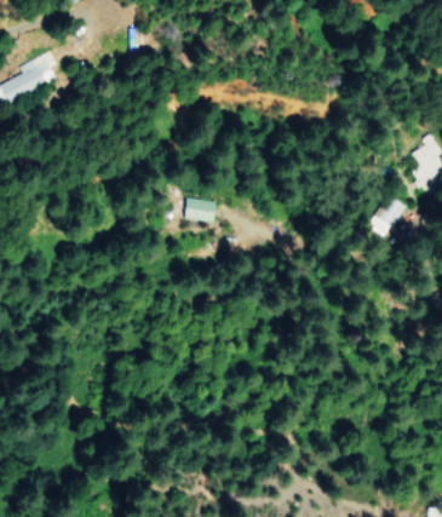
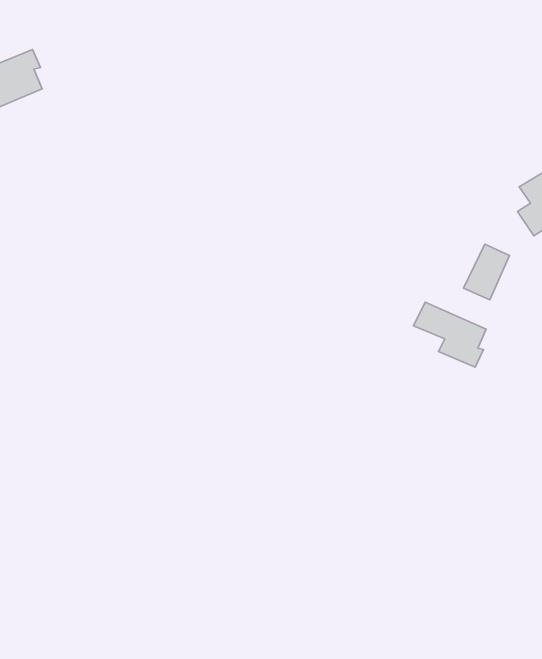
building: [184,196,216,222] -> none
building: none -> [414,302,486,367]

